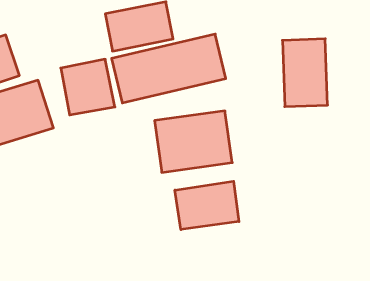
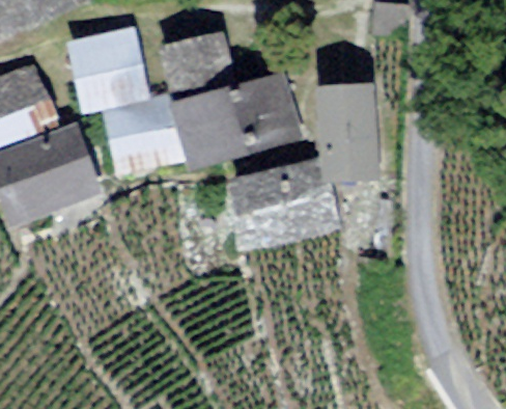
building: none -> [68,31,148,111]
building: [282,39,328,107] -> [318,87,376,174]
building: [175,181,239,230] -> none

